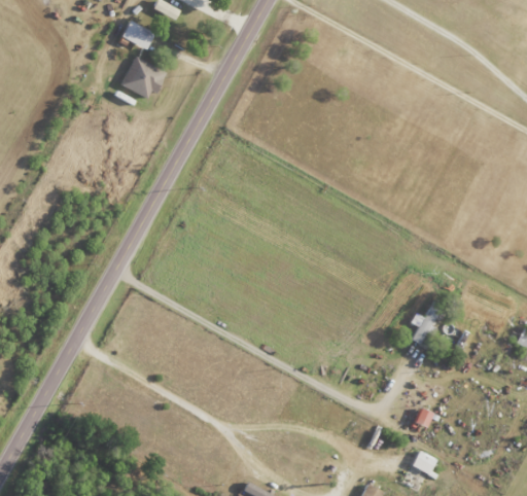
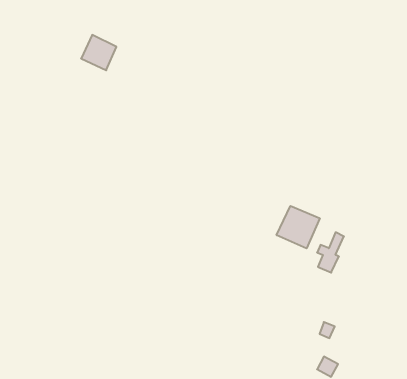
building: [121,21,154,49] -> none
building: none -> [277,206,320,248]

